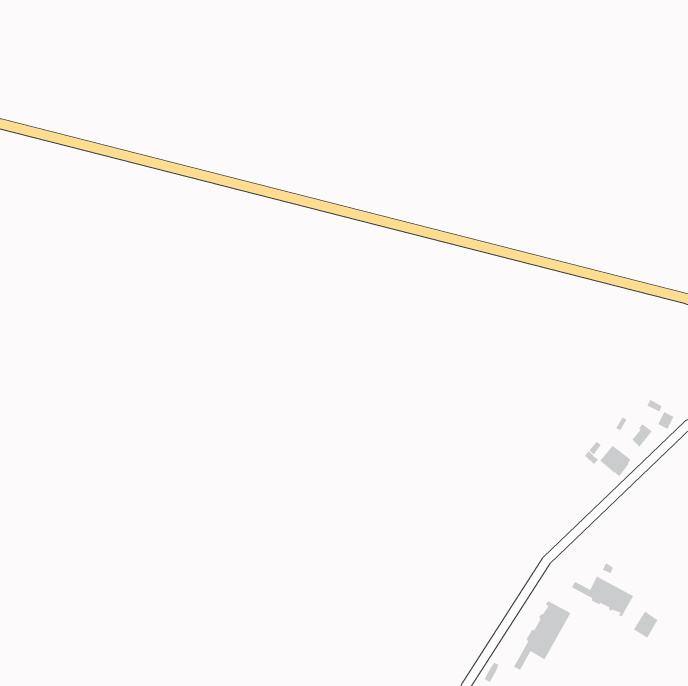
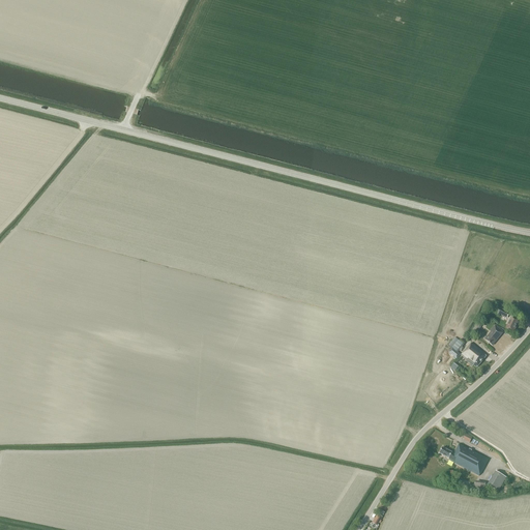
building: [513,600,572,671] -> none

